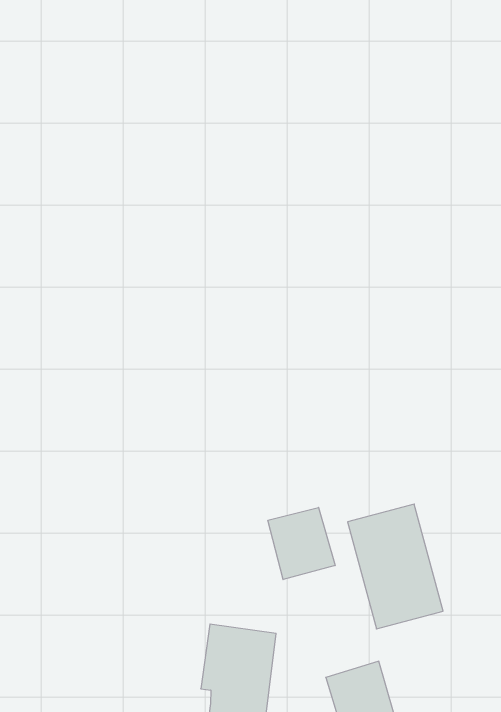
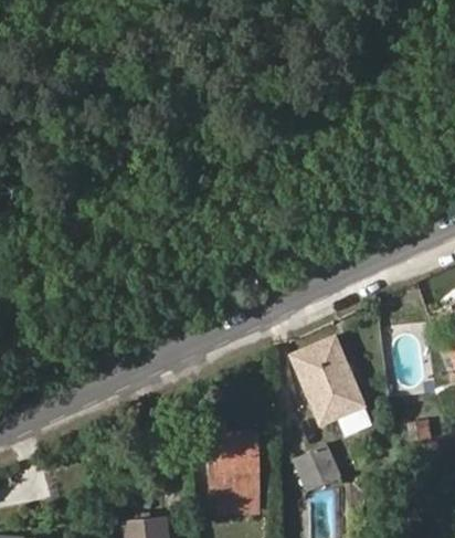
building: [268,507,335,580] -> none

